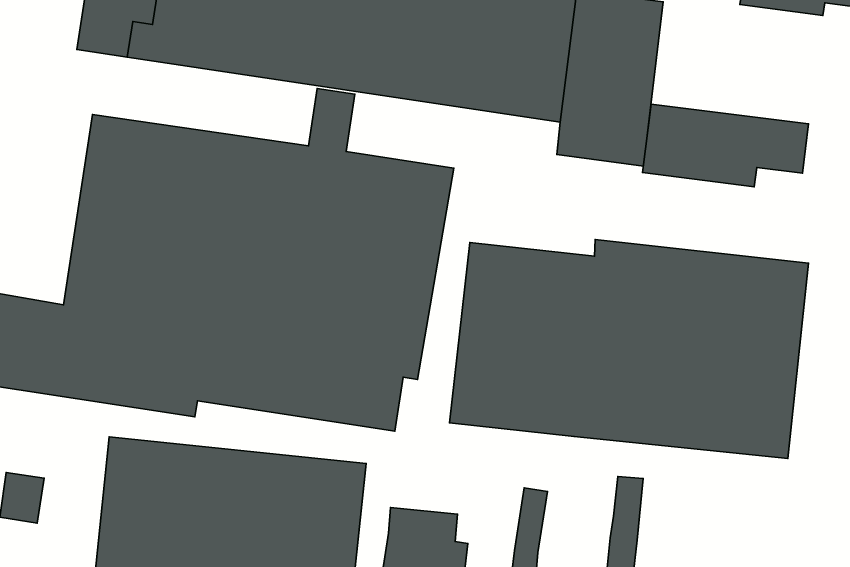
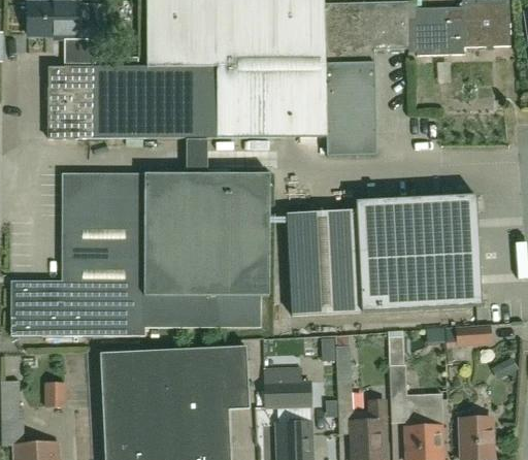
building: [643,104,809,187] -> none
building: none -> [447,323,493,346]

